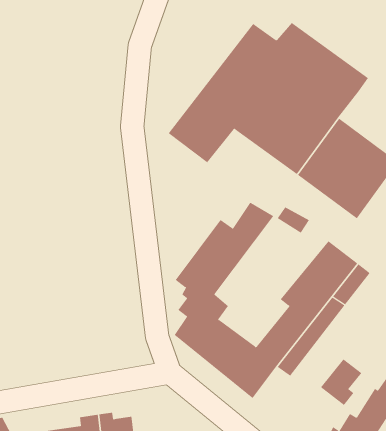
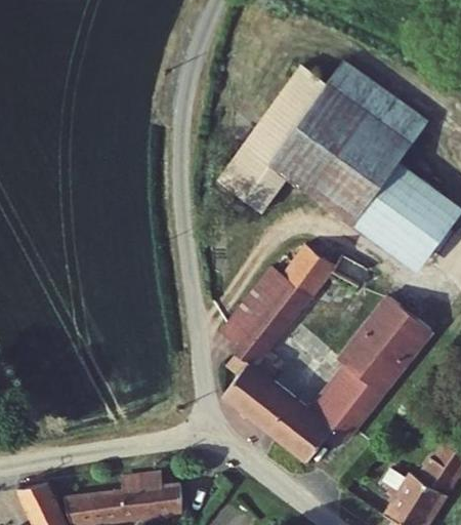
building: [320,358,362,406] -> none

